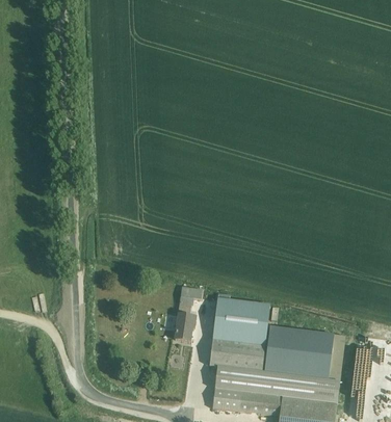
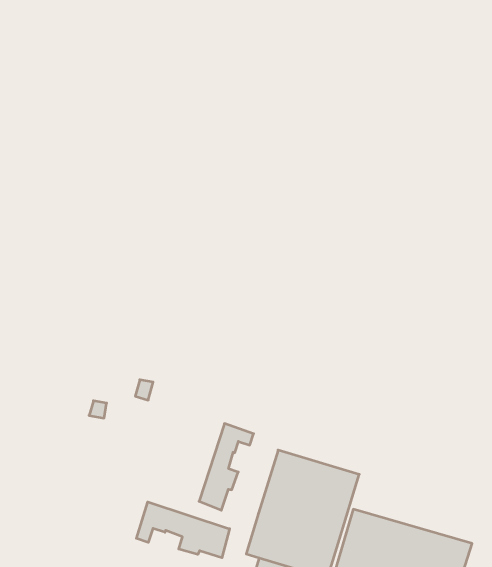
building: none -> [136,502,230,558]

